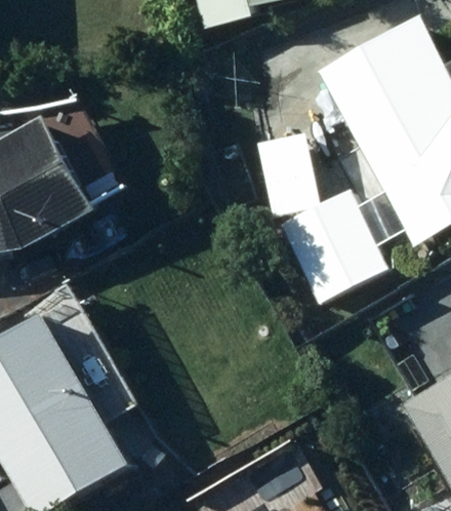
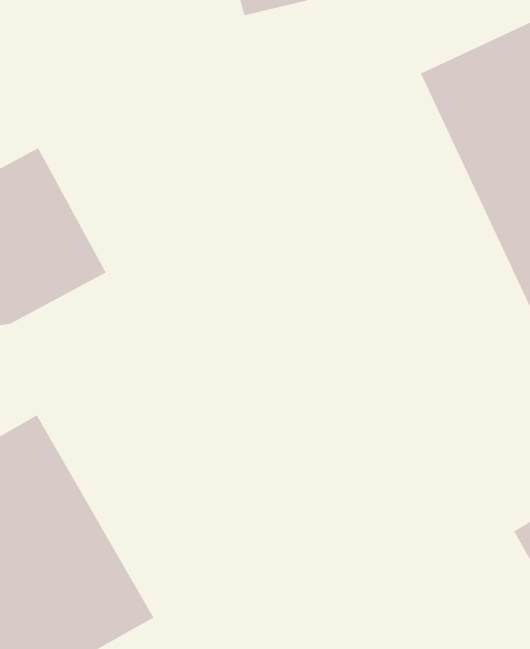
building: [255,127,386,296] -> none

